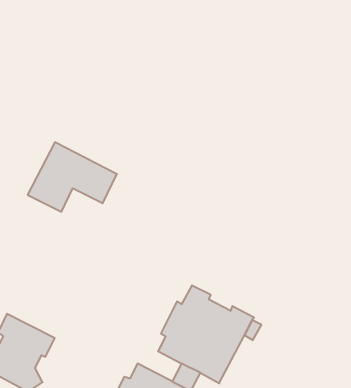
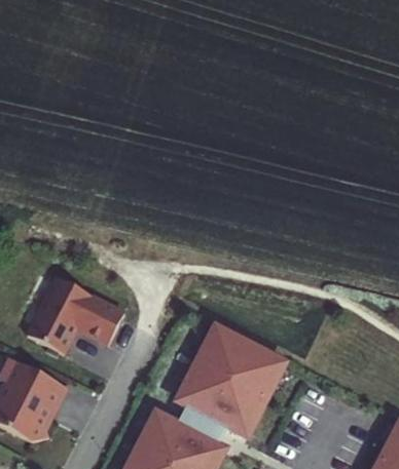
building: [28,142,117,212] -> [27,276,124,352]

